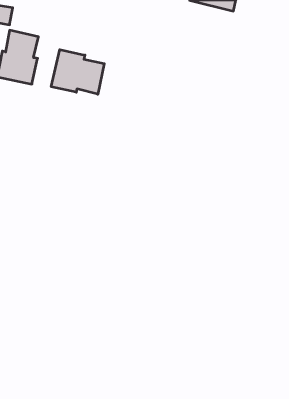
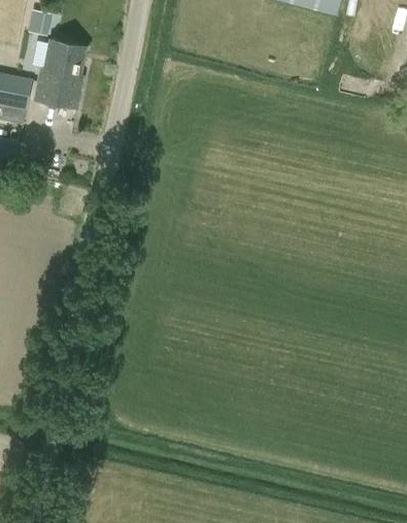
building: [51,50,104,94] -> none

